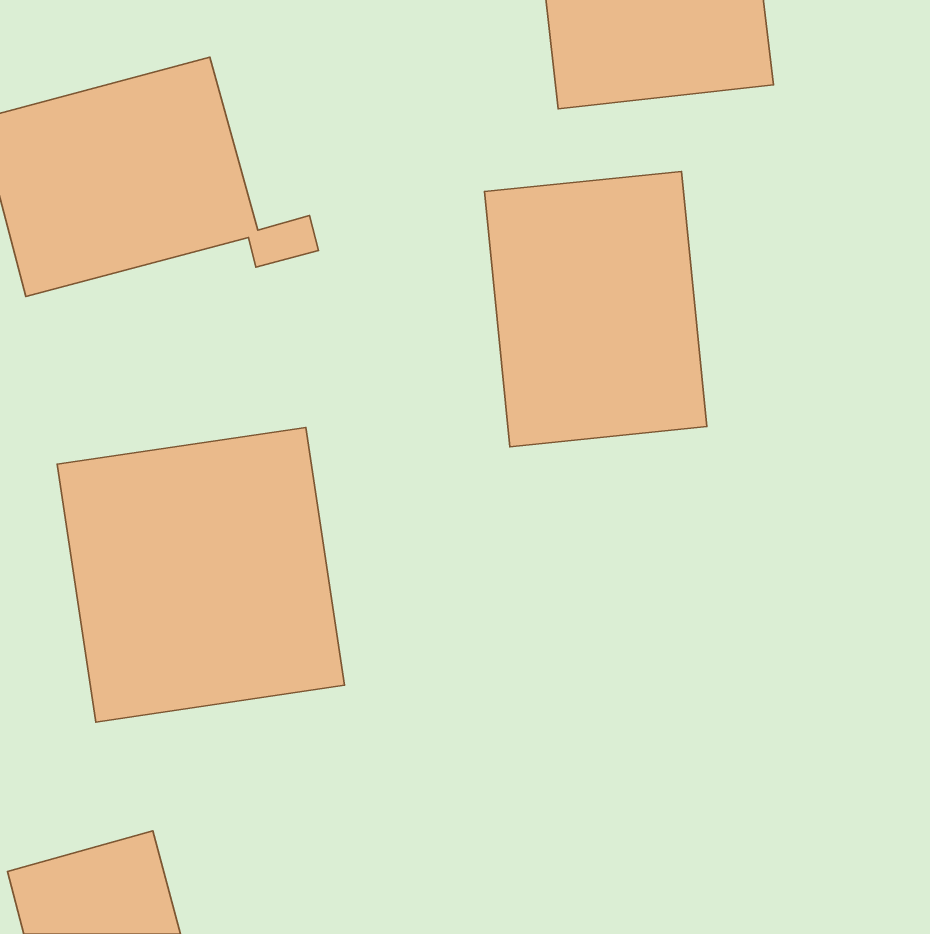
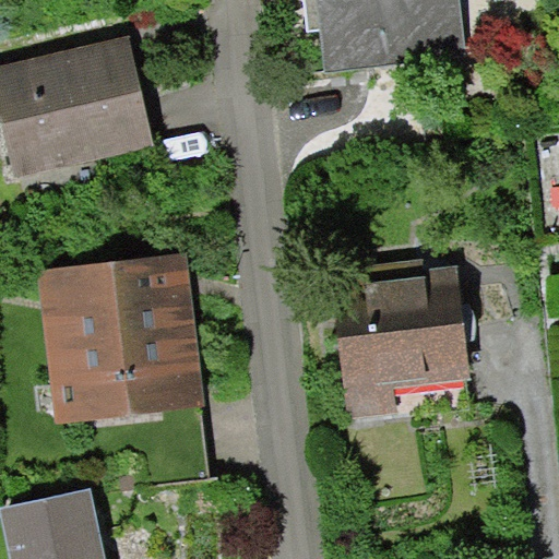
building: [485,171,707,447] -> none
building: none -> [332,266,514,427]

